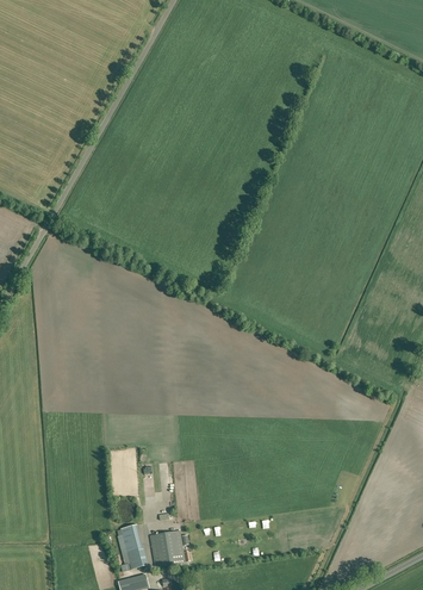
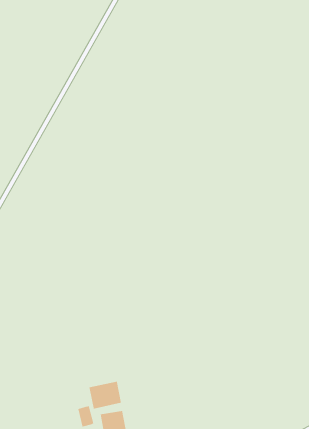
building: none -> [89,381,122,409]

